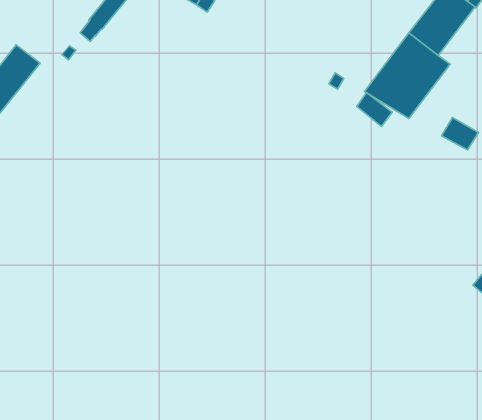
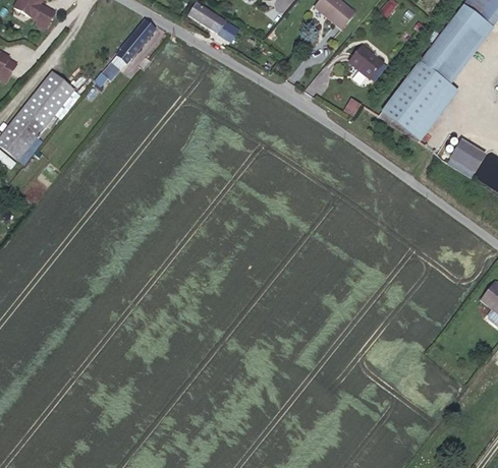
building: none -> [350,45,384,78]
building: [357,93,392,126] -> none

